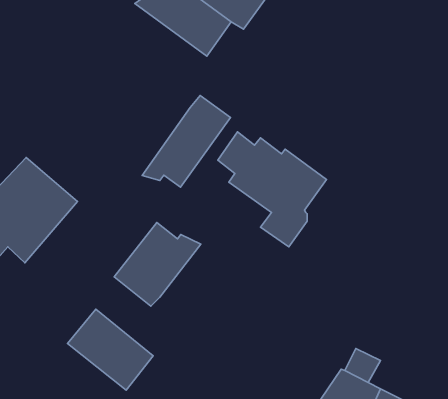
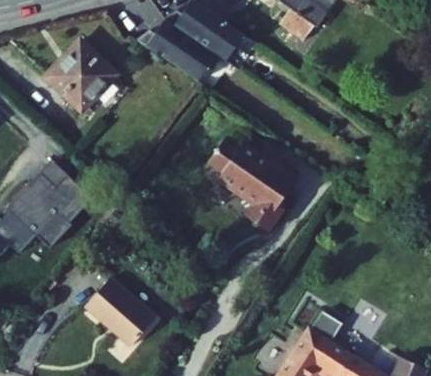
building: none -> [42,41,106,105]
building: [142,95,231,187] -> none
building: [114,222,201,306] -> none

